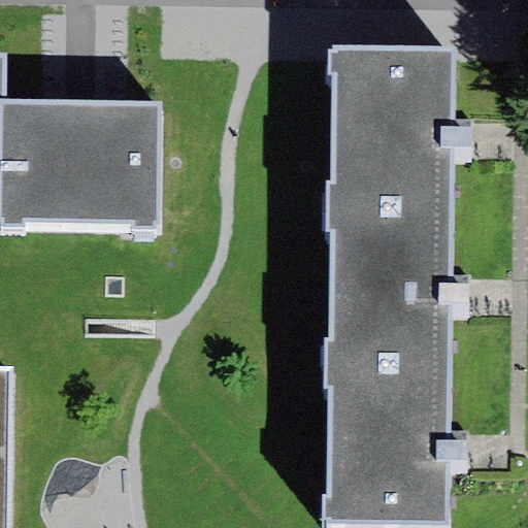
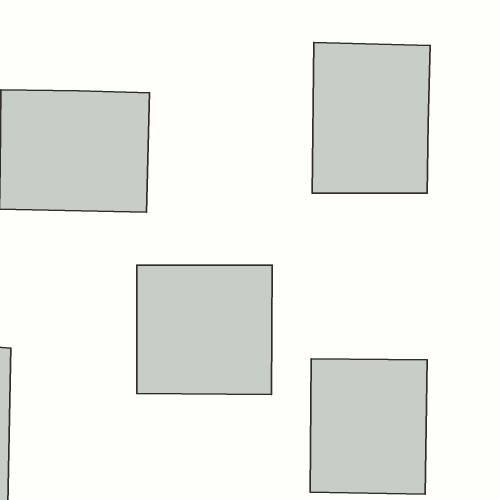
building: [326,206,448,381] -> none
building: none -> [137,265,272,394]

